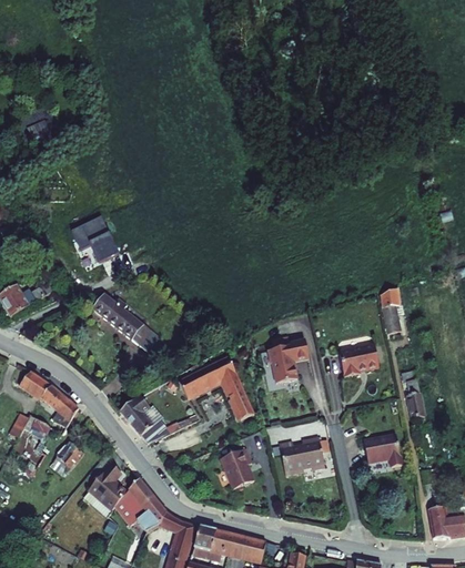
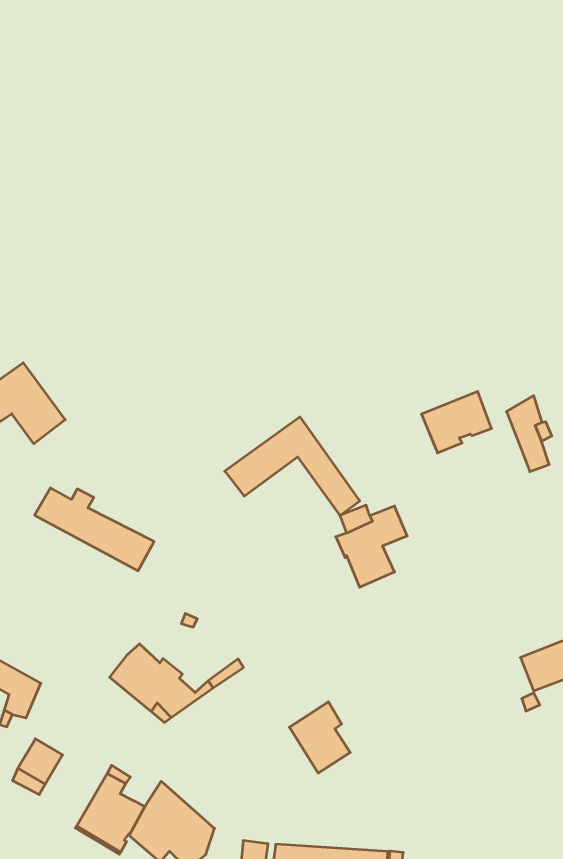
building: [338,344,378,376] -> [421,391,492,453]
building: [178,356,254,418] -> [225,417,360,515]
building: [279,436,324,475] -> none

